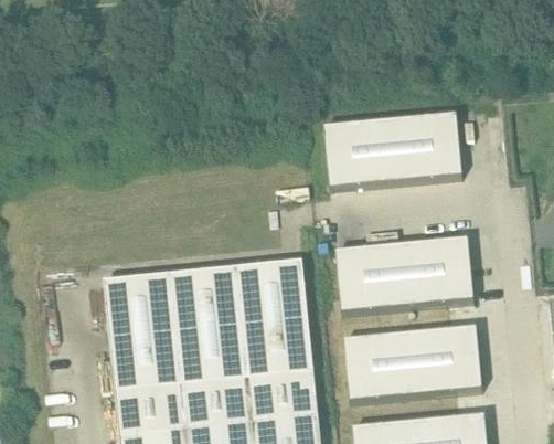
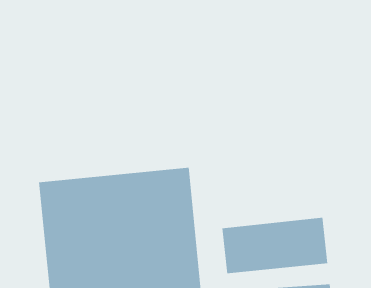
building: [320,112,462,186] -> none
building: [335,236,472,311] -> none

